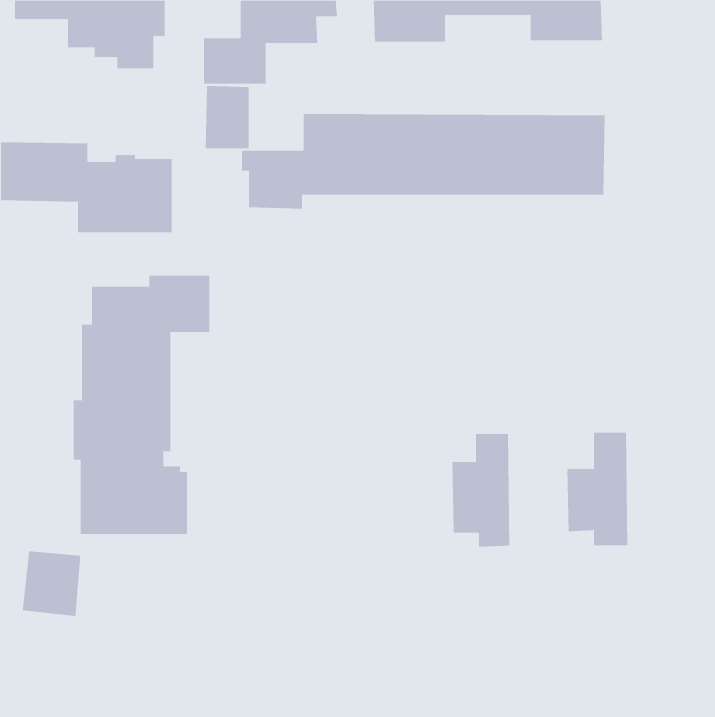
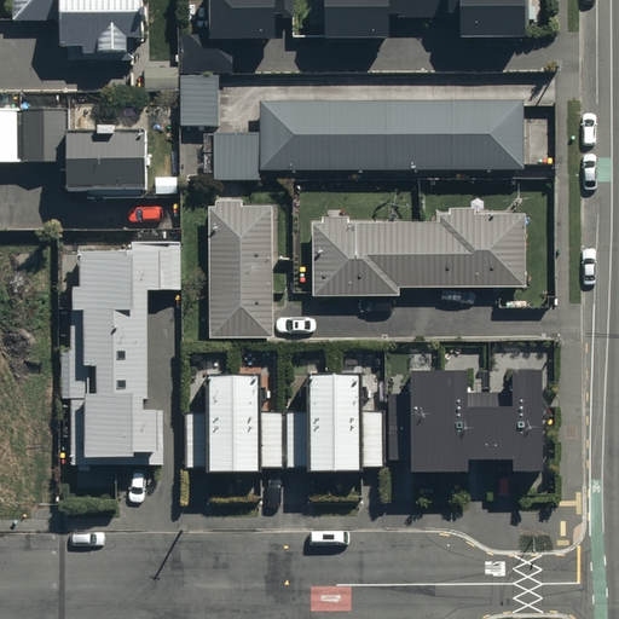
building: none -> [208,196,273,335]
building: none -> [312,204,526,294]
building: none -> [185,368,383,465]
building: none -> [440,372,491,470]
building: [22,551,81,617] -> none

